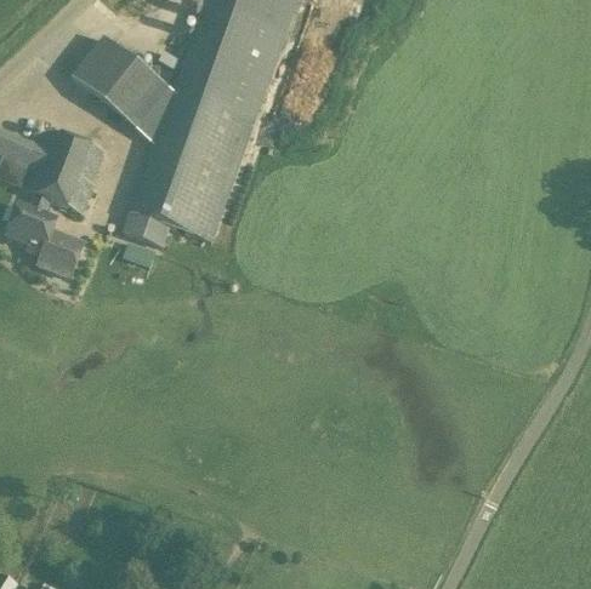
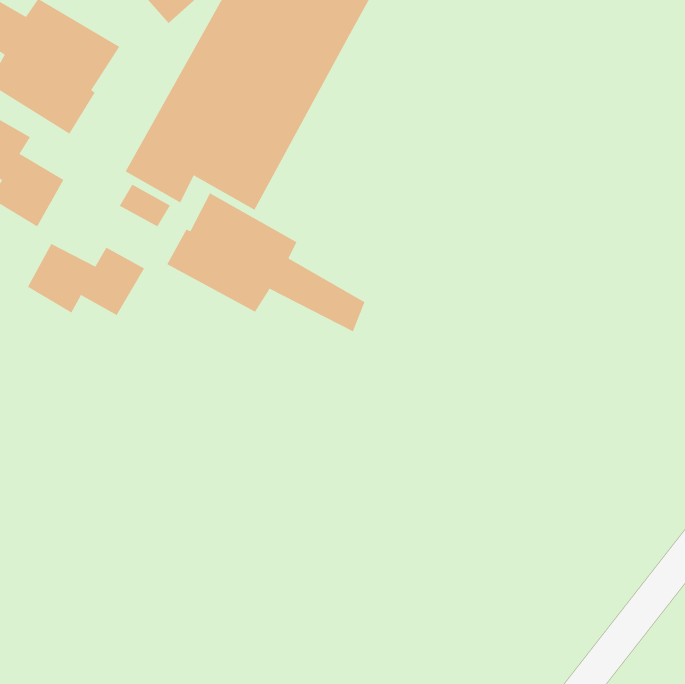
building: none -> [167,193,365,332]
building: none -> [27,243,145,316]

